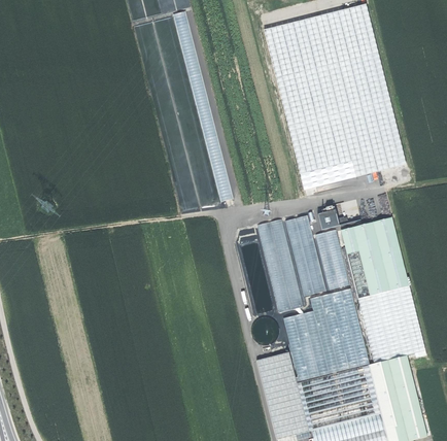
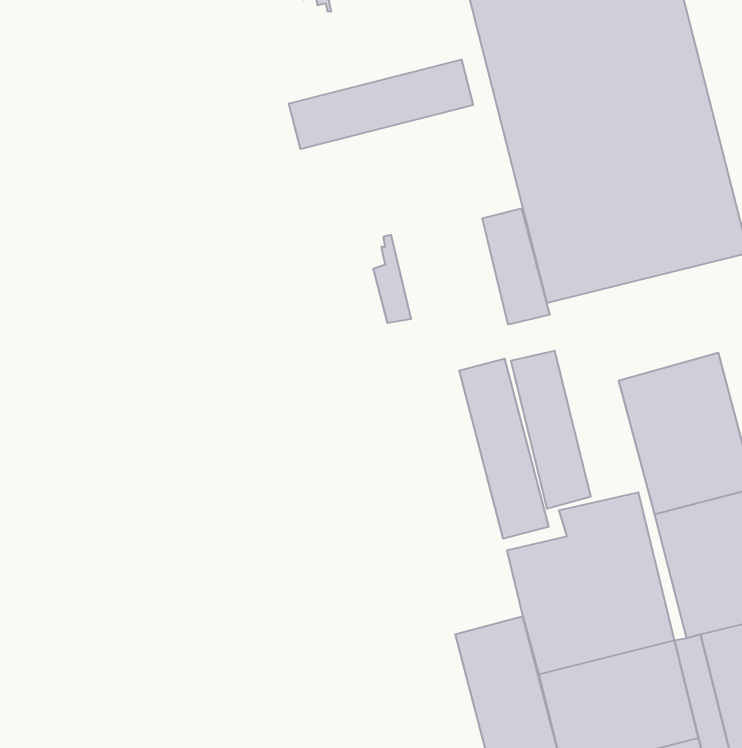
building: none -> [289,59,473,149]
building: [313,205,346,230] -> none
building: [314,230,349,290] -> [482,209,550,324]

